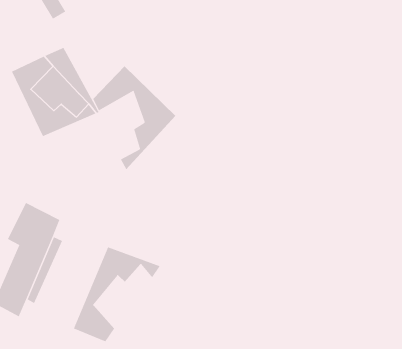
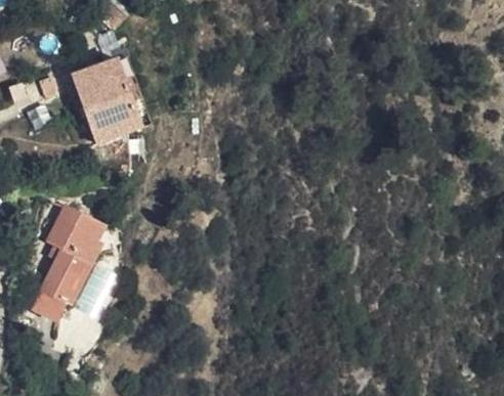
building: [92,66,176,170] -> none
building: [73,247,160,342] -> none

